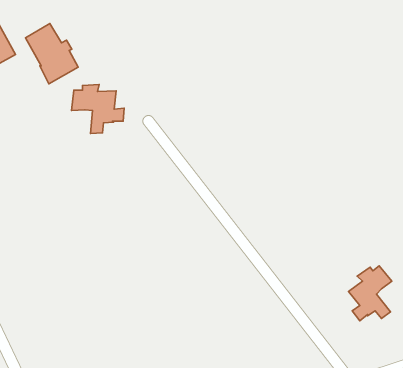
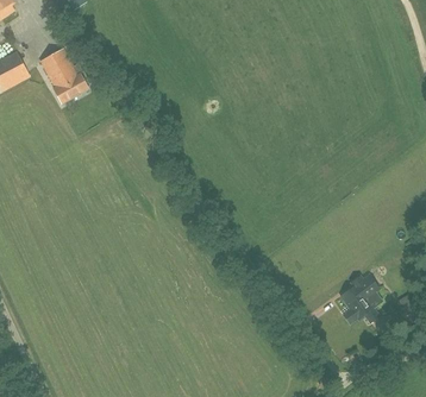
building: [71,84,124,134] -> none

